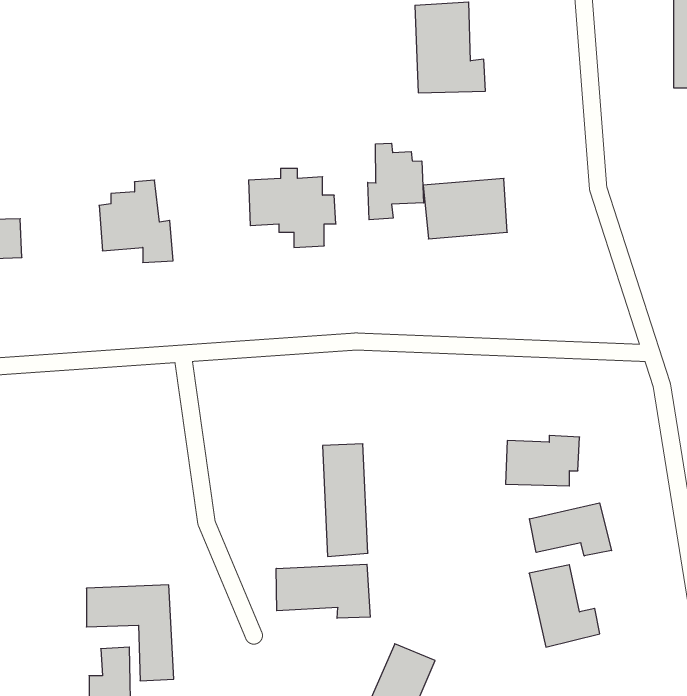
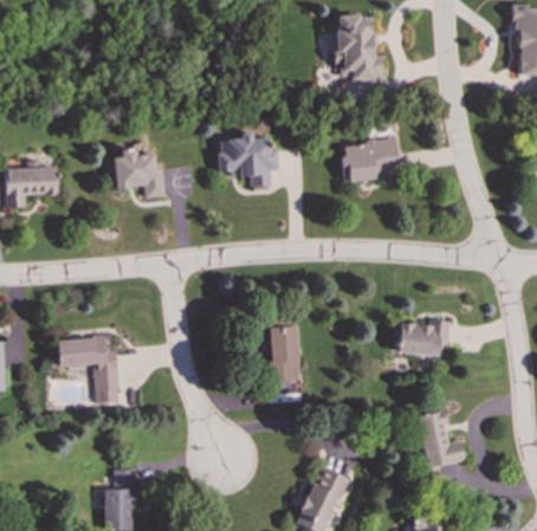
building: [368,143,424,220] -> none
building: [529,503,612,556] -> none
building: [276,564,370,618] -> none
building: [86,585,174,681] -> [57,337,118,404]

